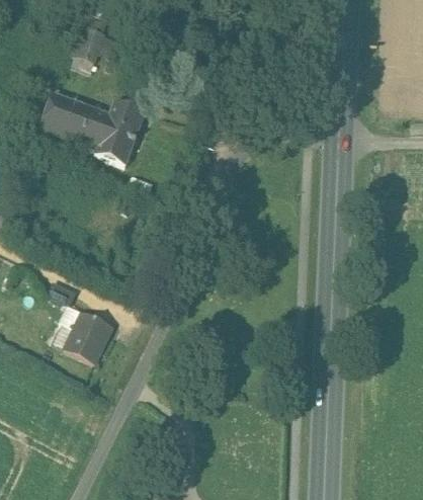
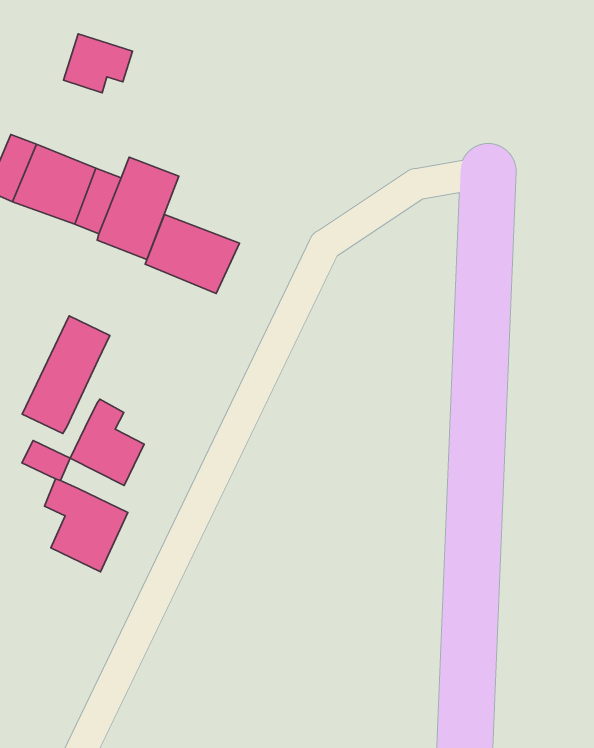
building: none -> [145,215,239,293]
building: none -> [22,316,110,434]
building: none -> [70,399,144,486]

